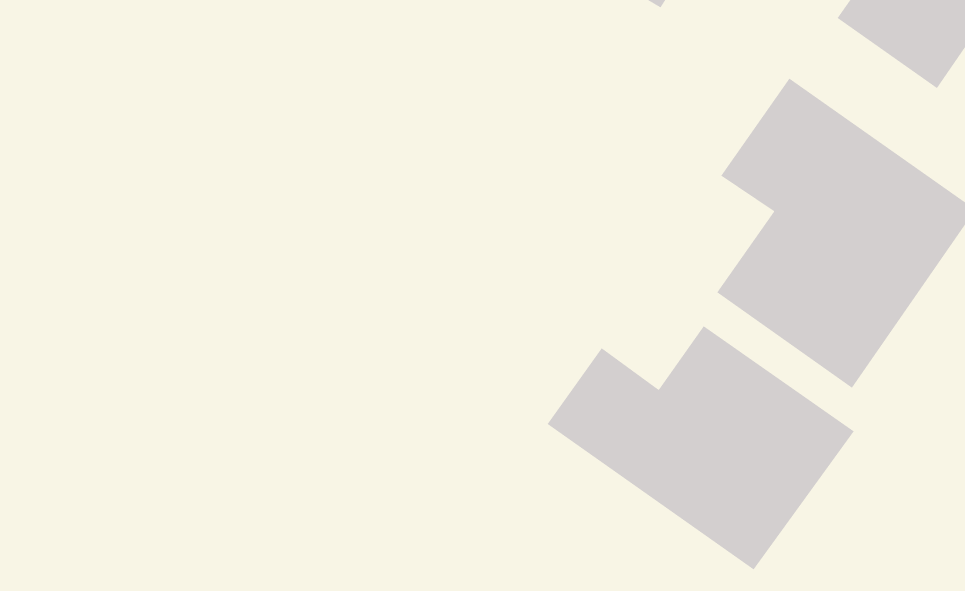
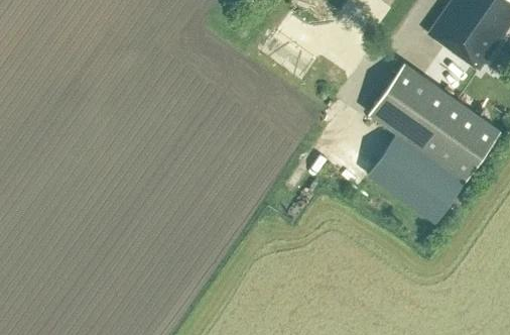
building: [546,325,855,571] -> none

